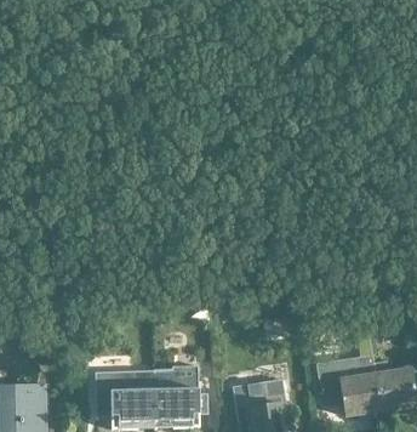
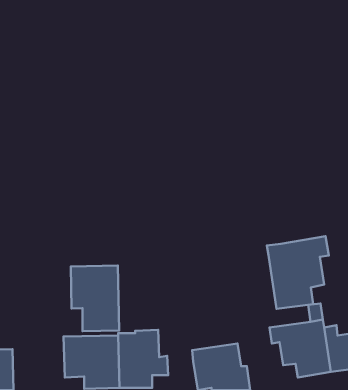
building: none -> [267,236,329,309]
building: none -> [71,266,119,331]

